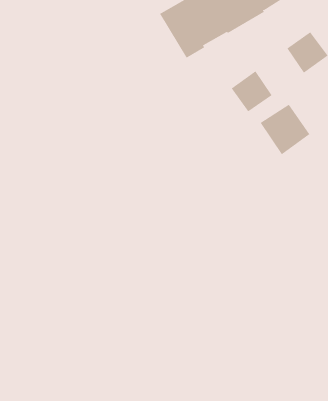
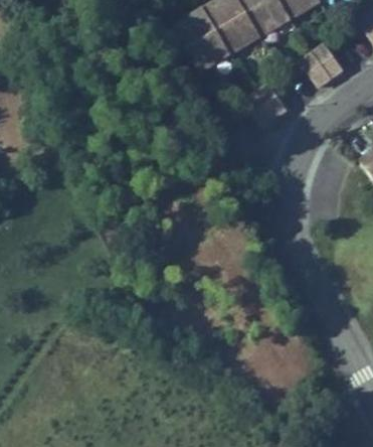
building: [260,104,310,155] -> none

